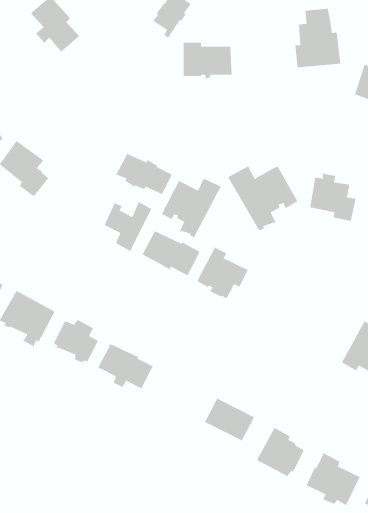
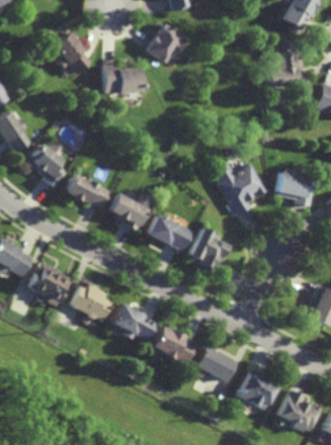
building: [183,42,232,79] -> [109,64,149,93]
building: [115,153,173,195] -> [70,174,115,207]
building: [161,178,221,238] -> none
building: none -> [150,327,195,366]

